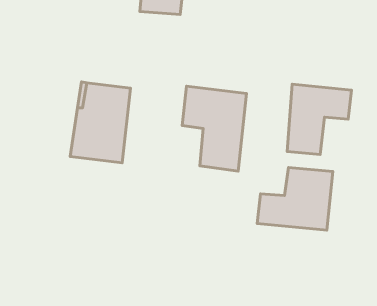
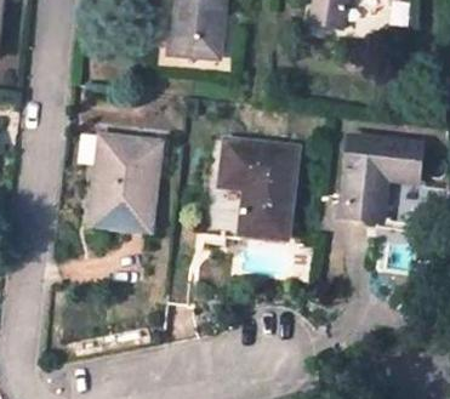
building: [257,168,333,230] -> none

